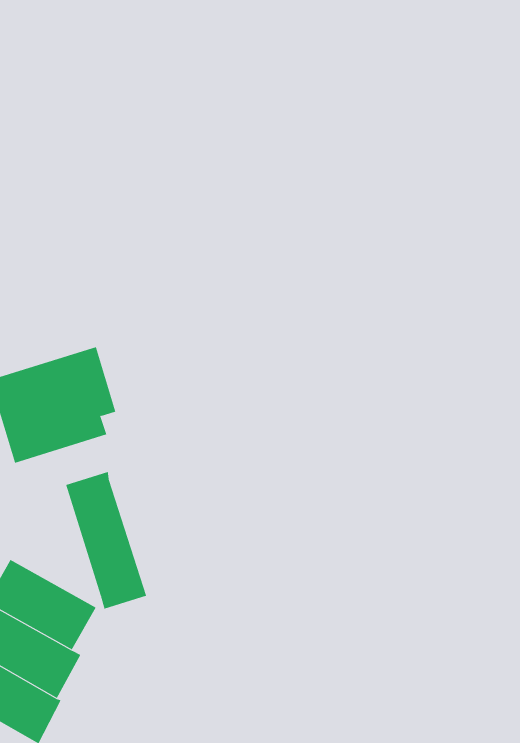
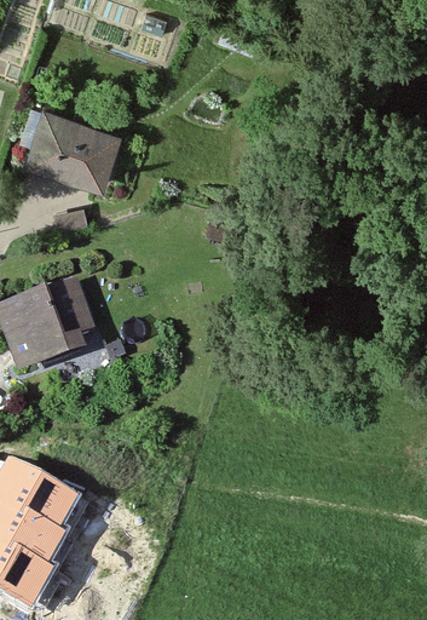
building: none -> [24,107,121,189]
building: [66,471,147,609] -> none

